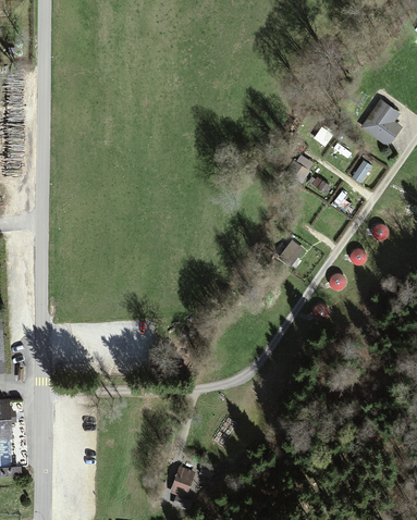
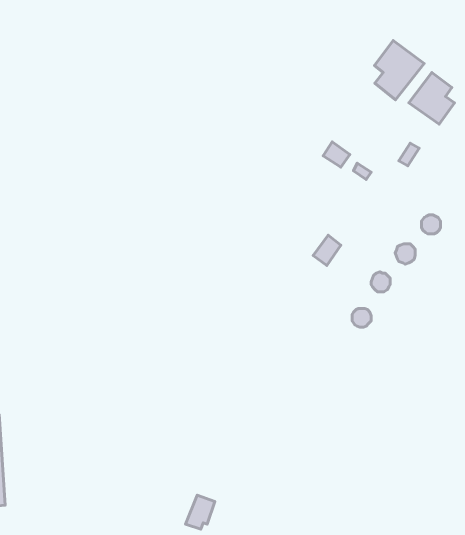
building: none -> [374,40,424,100]

